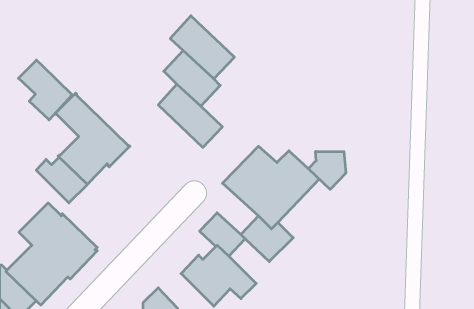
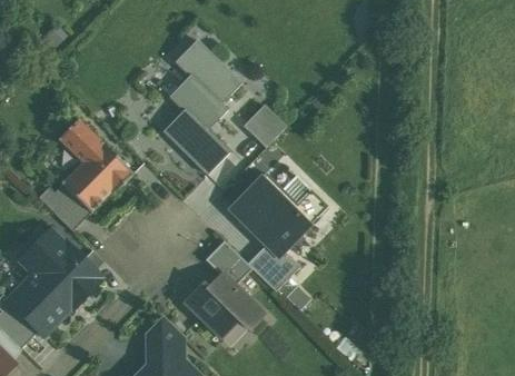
building: [18,60,72,120] -> none
building: none -> [242,103,285,145]
building: [309,151,346,189] -> none

